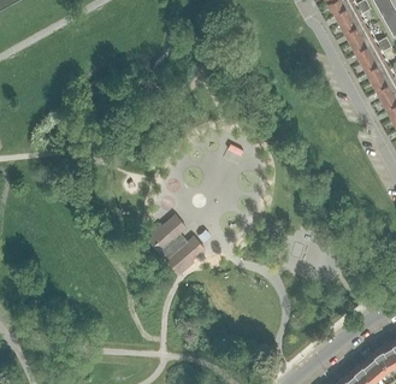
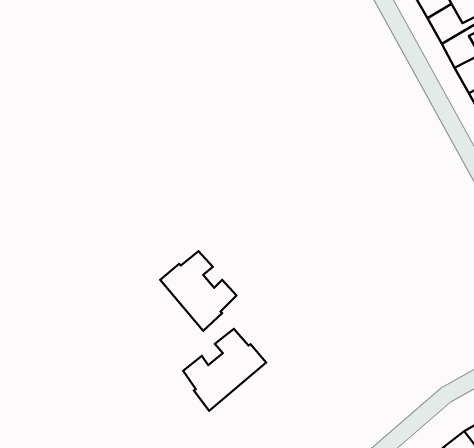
building: none -> [183,329,266,411]

